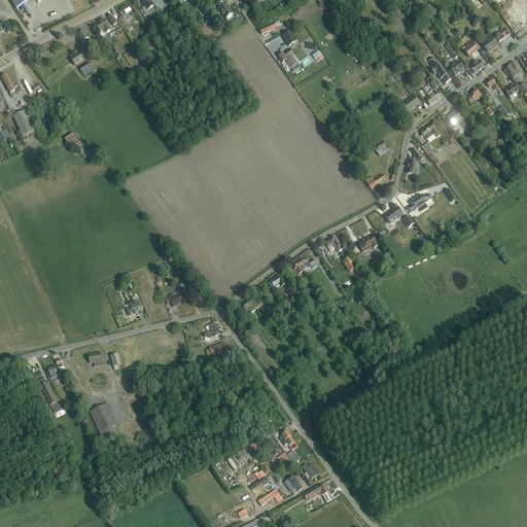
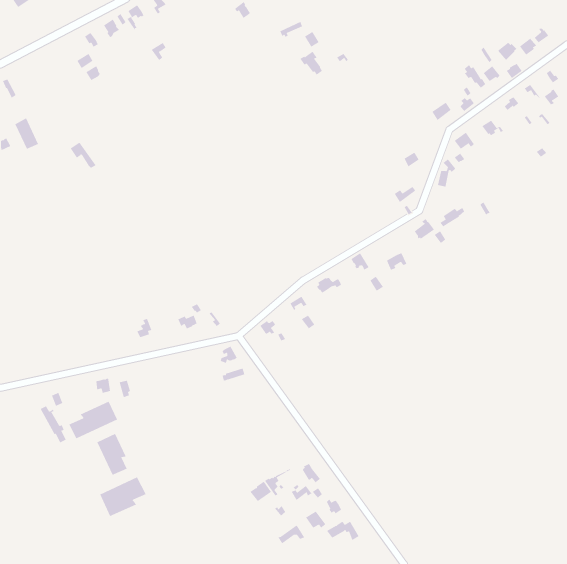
building: none -> [69,401,118,439]
building: none -> [99,476,146,517]

